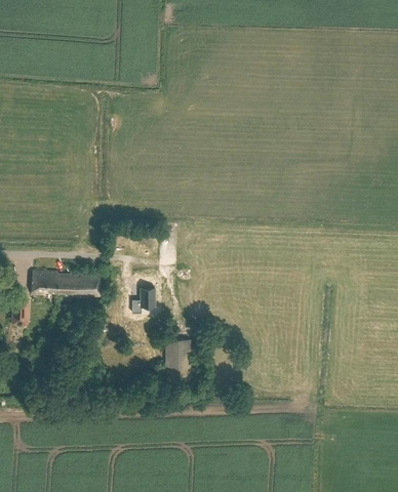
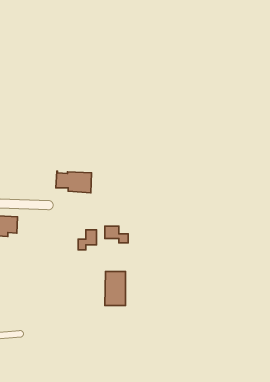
building: [55,271,99,297] -> [56,171,92,193]
building: none -> [105,226,128,243]

